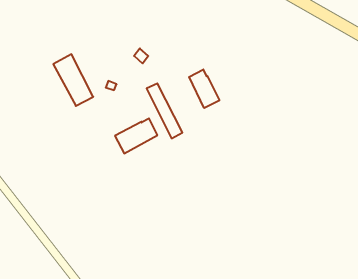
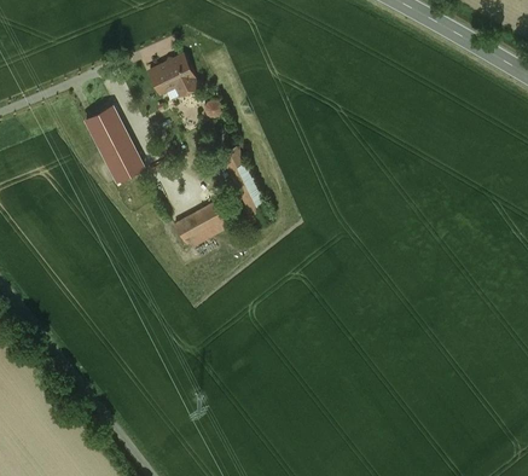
building: none -> [149,54,197,92]
building: [189,69,219,108] -> none

